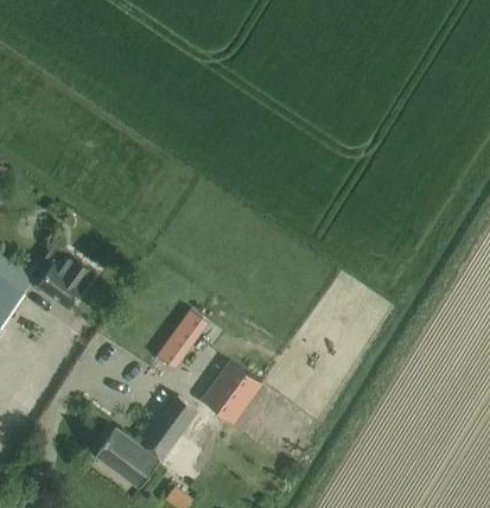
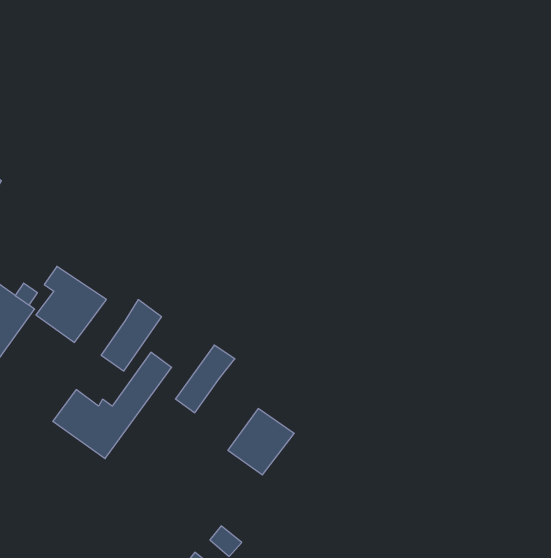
building: none -> [101,300,161,371]
building: [95,396,197,488] -> [53,352,172,459]

